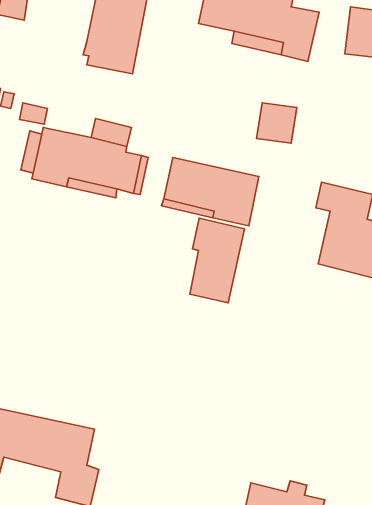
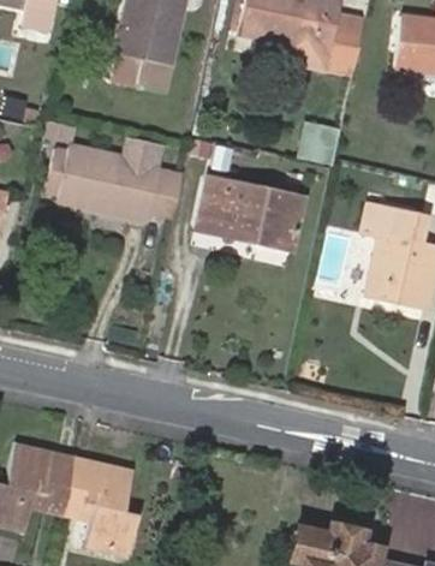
building: [190,218,245,303] -> none

